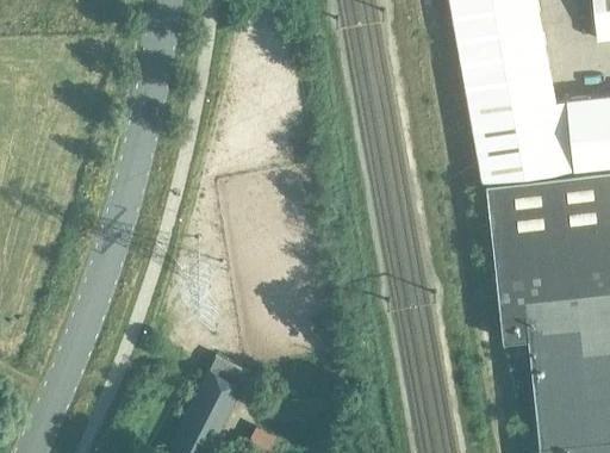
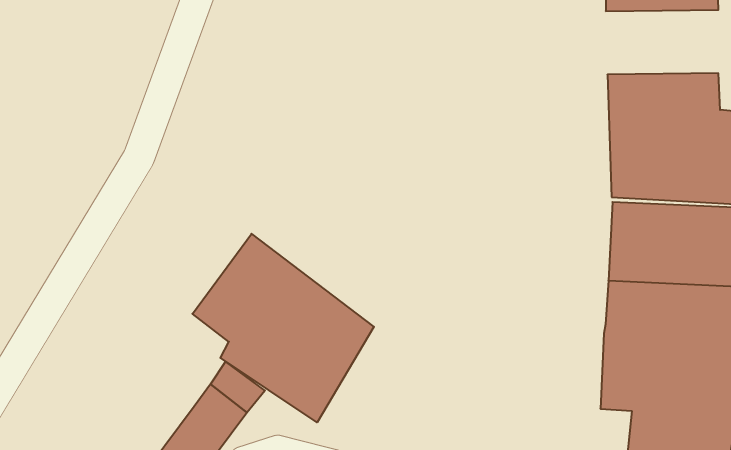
building: [458,26,550,89] -> none
building: none -> [192,234,374,422]

